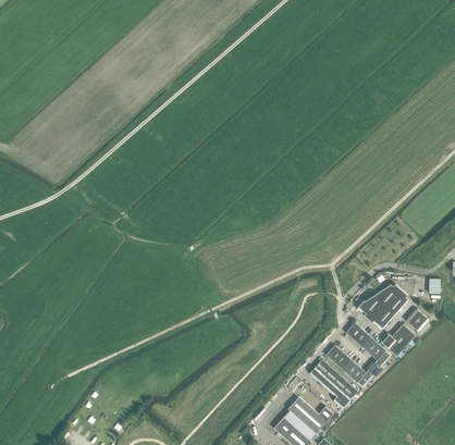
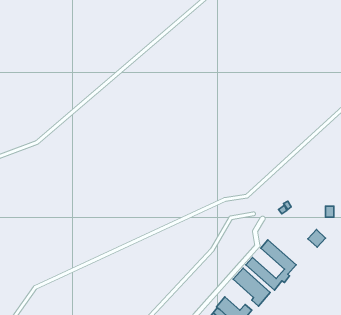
building: [358,284,407,327] -> none
building: [380,324,415,356] -> none

